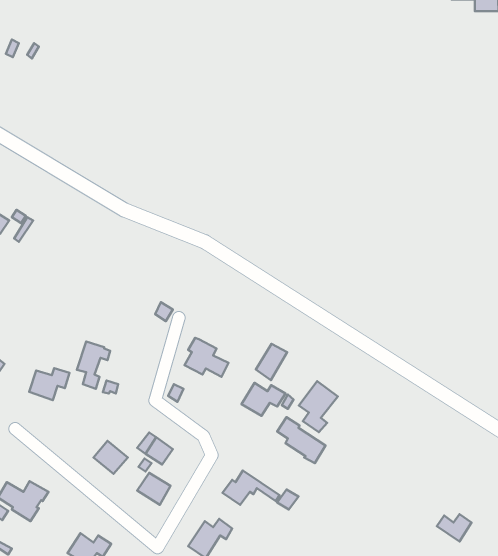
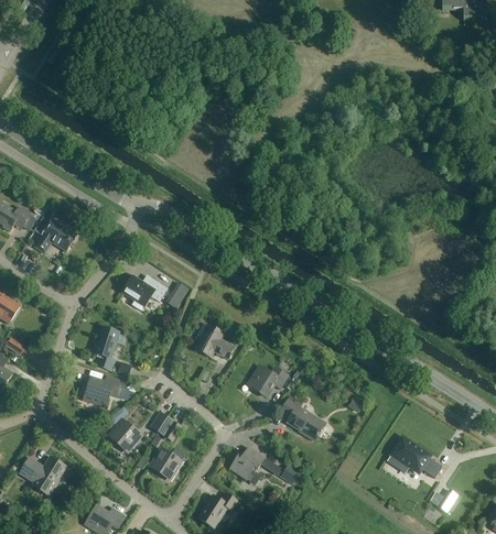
building: none -> [35,220,77,253]
building: none -> [123,277,168,310]
building: [256,344,287,380] -> none
building: [29,368,69,400] -> [84,377,121,406]
building: [299,381,338,432] -> none
building: none -> [387,437,442,478]

